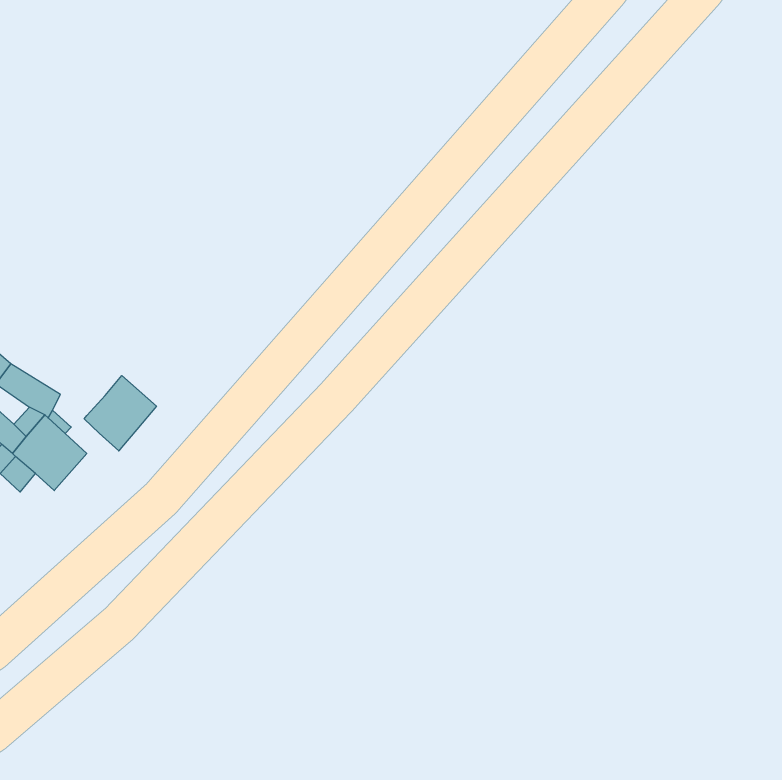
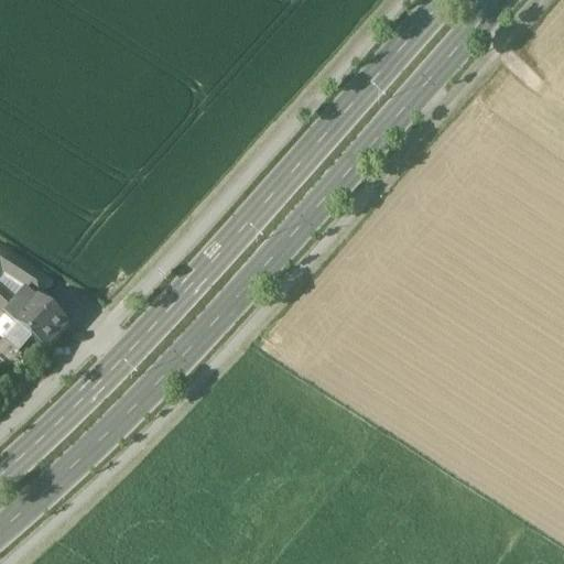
building: [84,376,156,451] -> none

